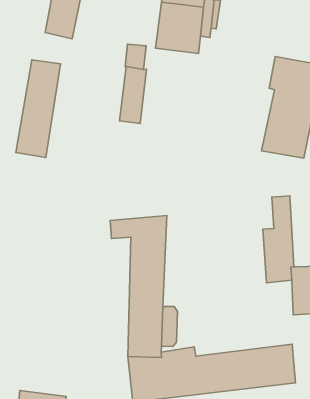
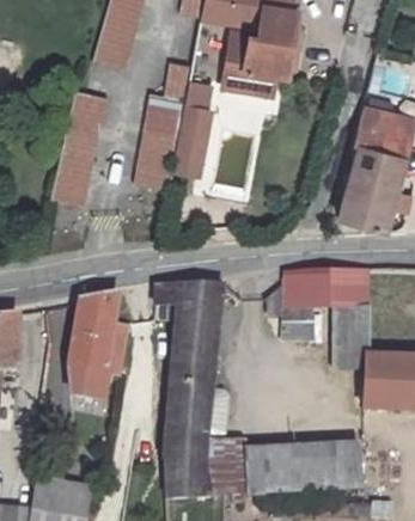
building: none -> [134,60,190,189]
building: none -> [264,269,347,339]
building: none -> [69,292,127,398]

